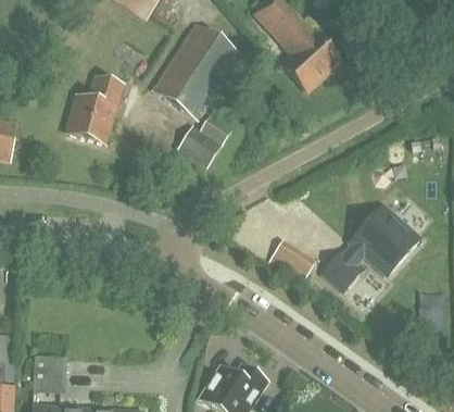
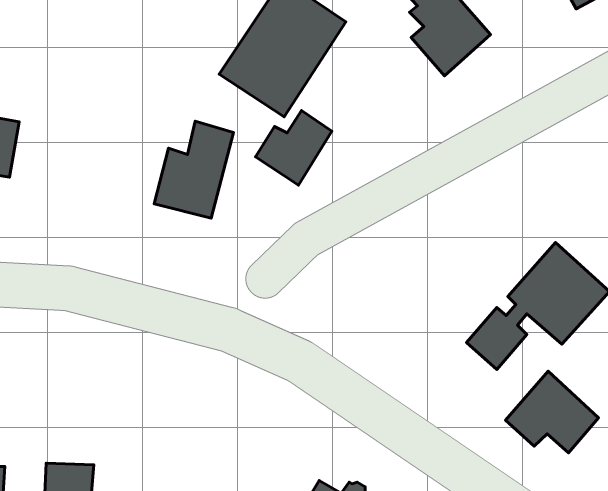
building: [67,76,122,142] -> [154,121,233,218]
building: [269,238,316,282] -> none
building: none -> [506,371,598,453]

